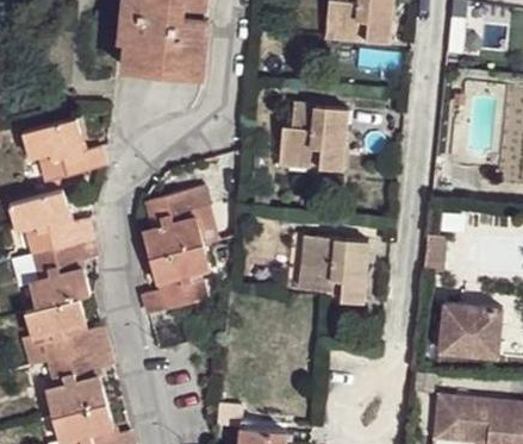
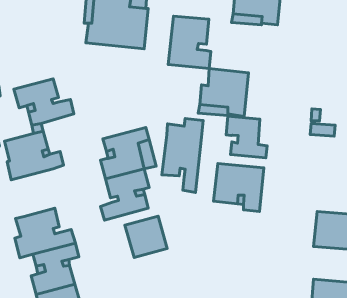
building: none -> [168,16,211,69]
building: none -> [226,116,267,158]
building: none -> [162,118,203,192]
building: [17,238,96,309] -> none
building: none -> [125,216,167,258]

